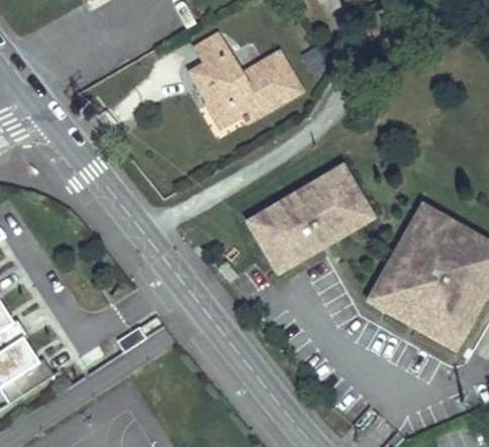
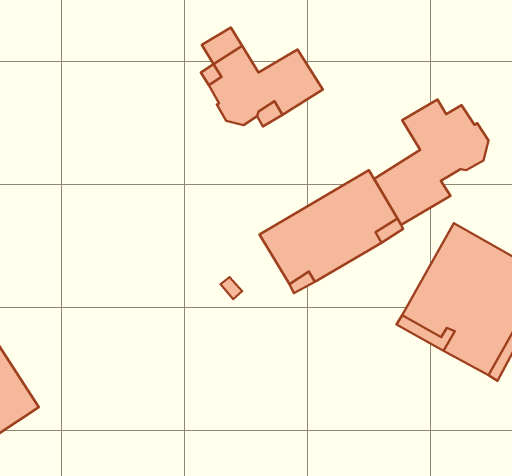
building: none -> [374,100,489,225]

